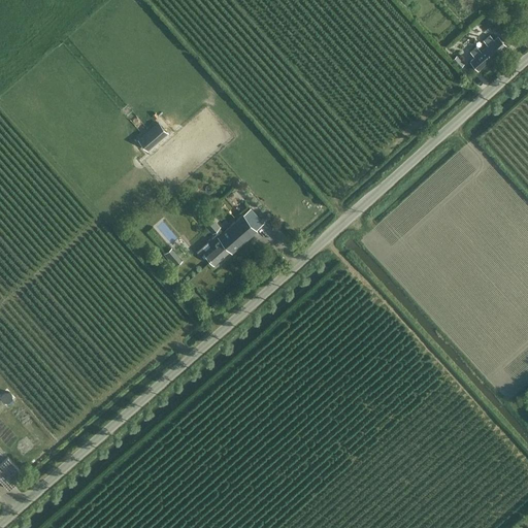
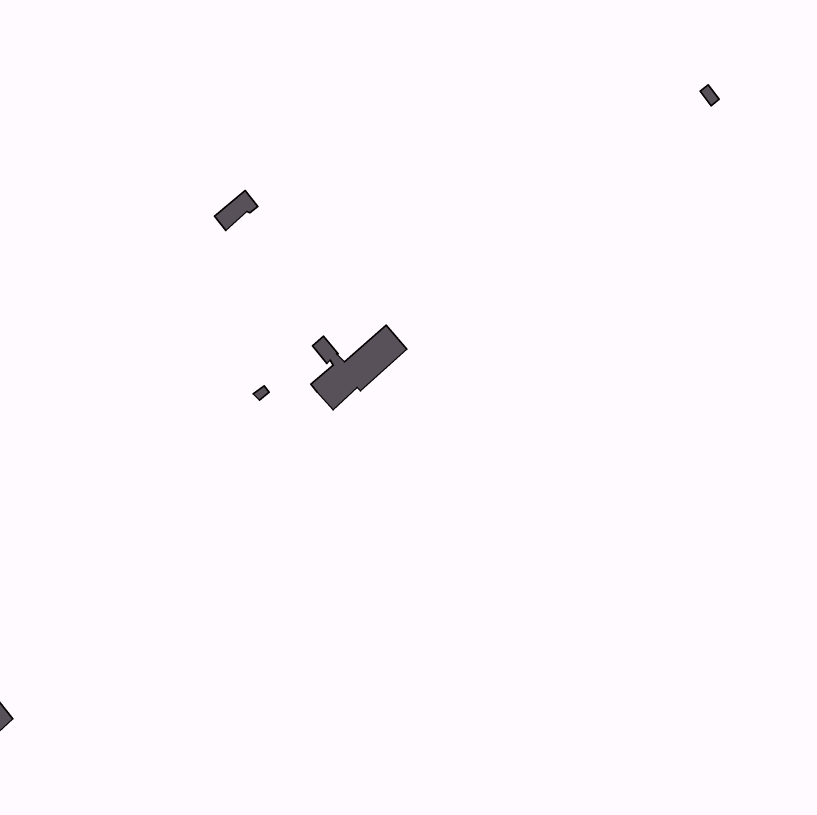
building: [469,37,505,71] -> none

